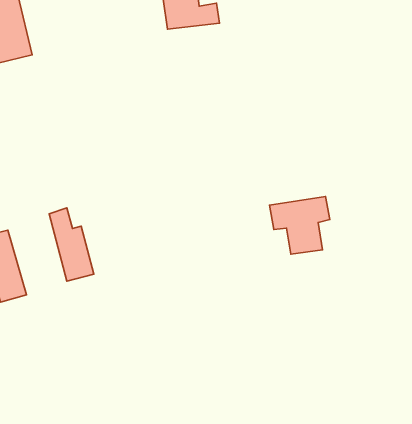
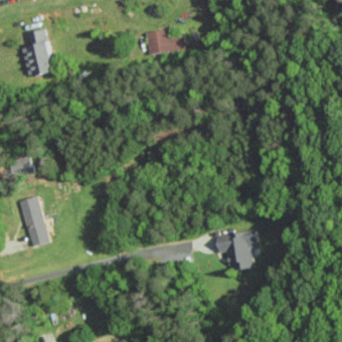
building: [269,197,330,254] -> [216,229,259,270]
building: [49,208,94,281] -> none

